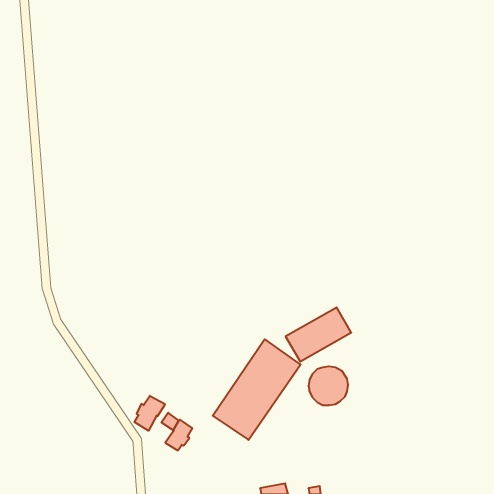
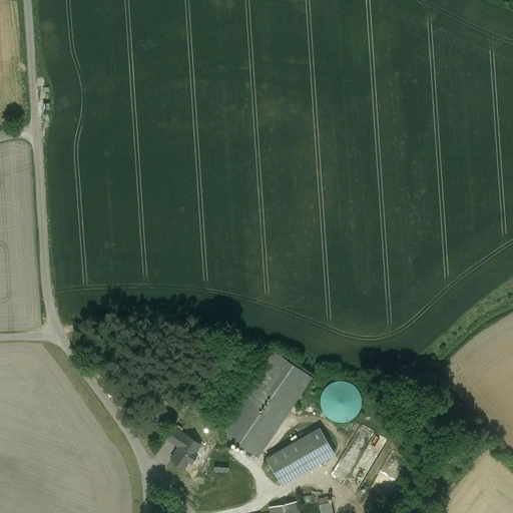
building: [286,307,351,362] -> [267,428,335,484]
building: [135,396,165,431] -> none

